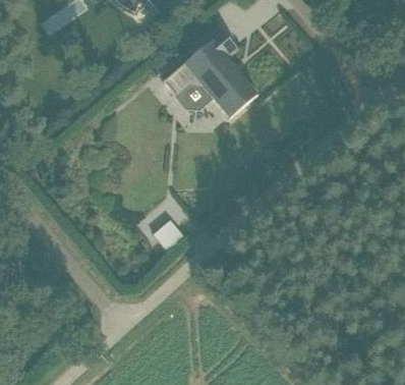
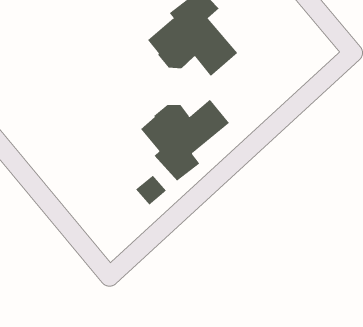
building: none -> [140,99,230,181]

